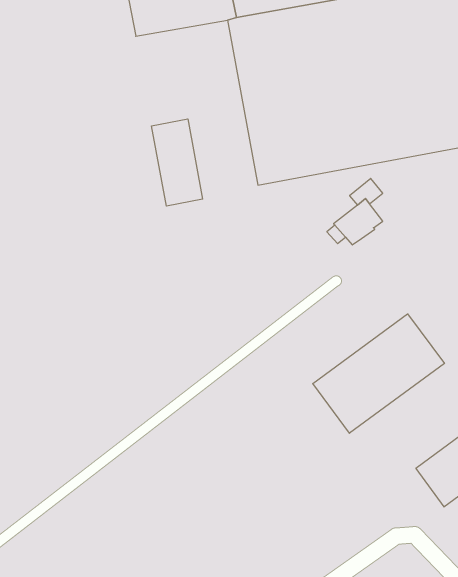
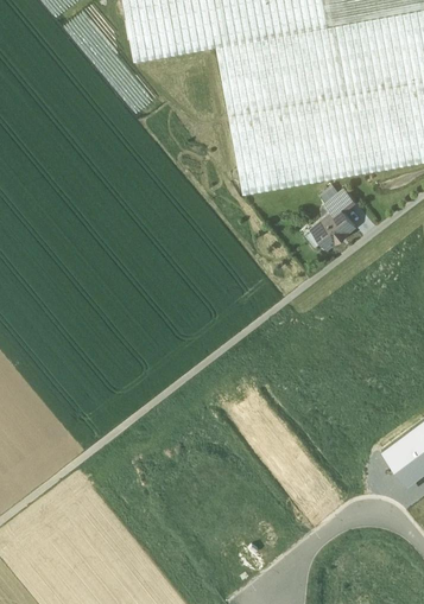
building: [152,119,203,206] -> none
building: [313,314,444,433] -> none

